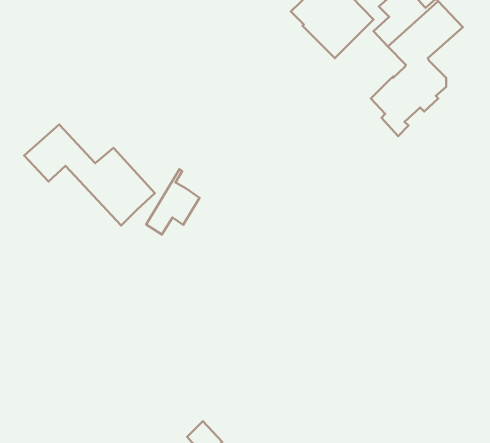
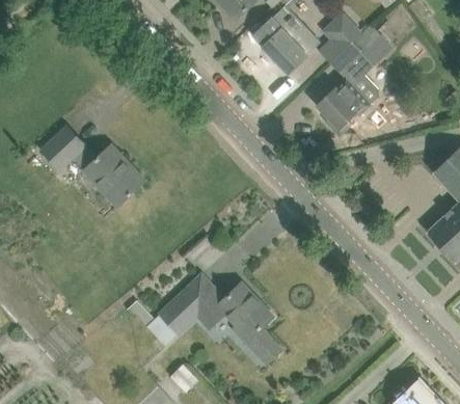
building: [146,169,199,234] -> none
building: none -> [148,275,280,365]

